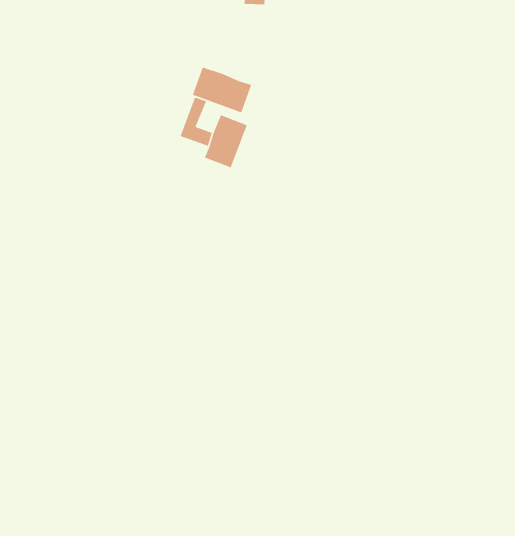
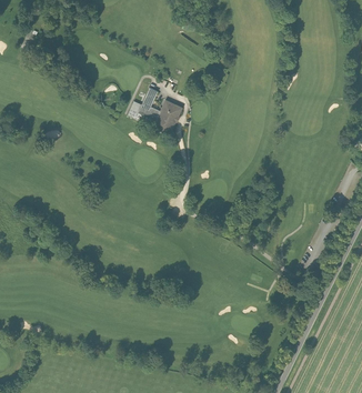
building: [192,66,252,113] -> none

